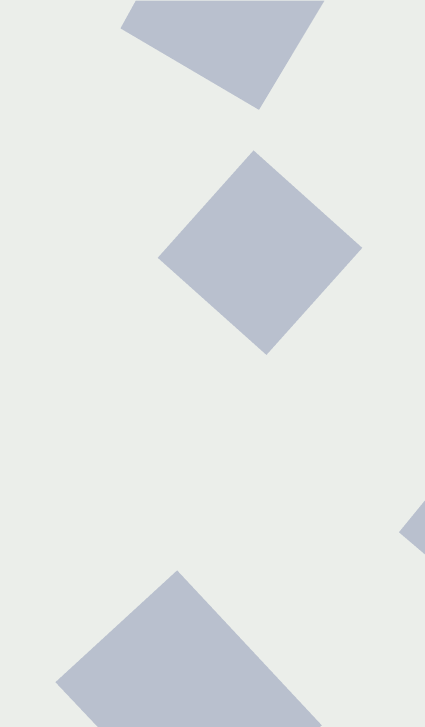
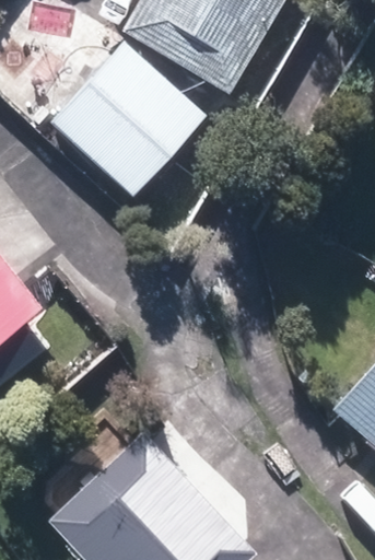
building: [157,150,363,356] -> [51,38,208,195]

